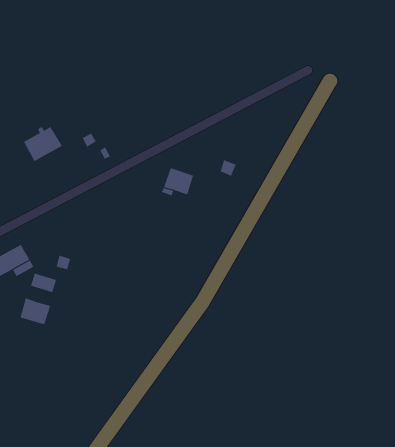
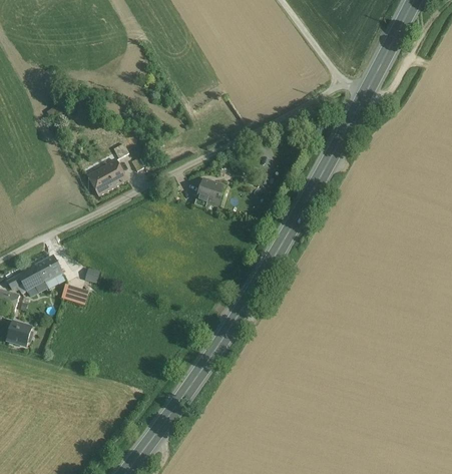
building: [23,126,63,162] -> [86,158,126,194]
building: [20,298,51,325] -> none

